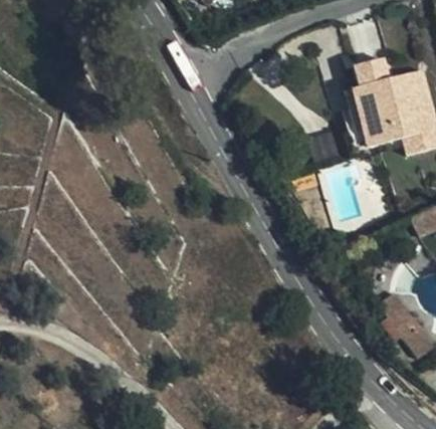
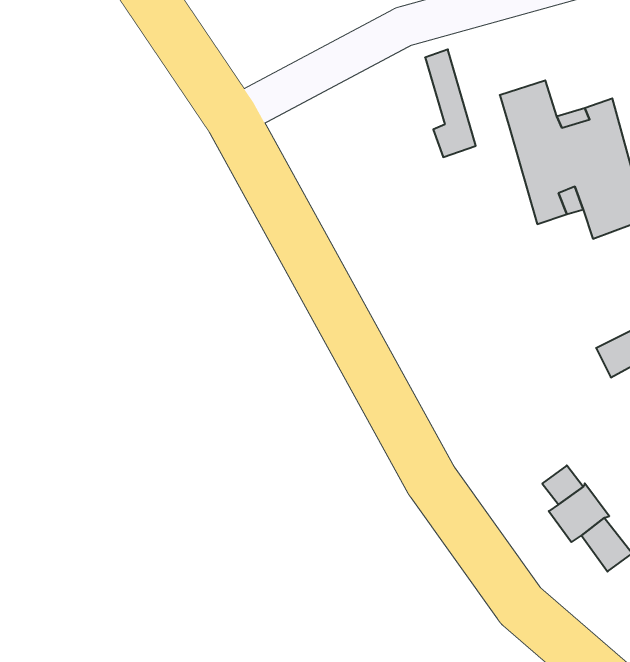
building: [346,84,377,151] -> [425,49,476,157]

